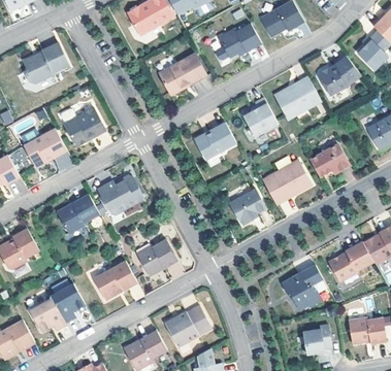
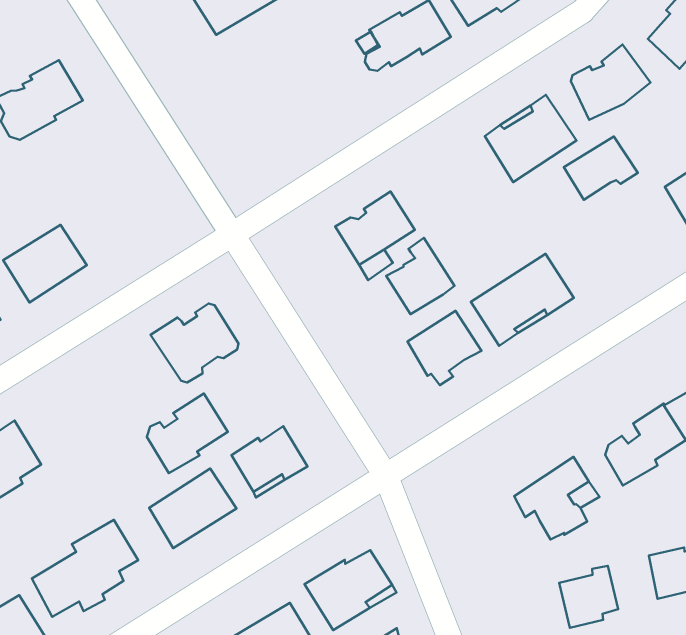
building: [156,49,207,94] -> none
building: [243,99,279,138] -> [386,238,454,314]
building: [65,107,106,145] -> none
building: [317,140,355,172] -> [564,137,638,200]
building: [56,194,98,234] -> [147,394,228,473]

